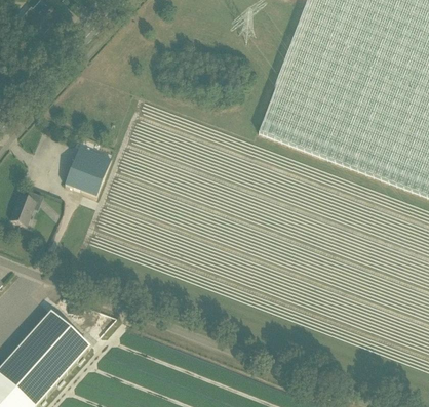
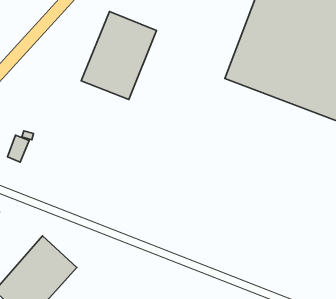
building: none -> [81,11,157,100]
building: [65,145,112,195] -> none

